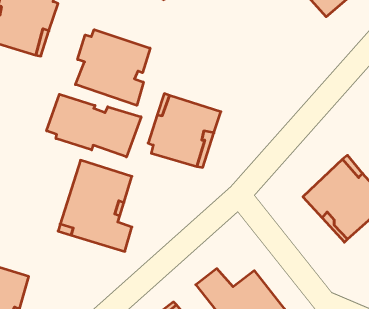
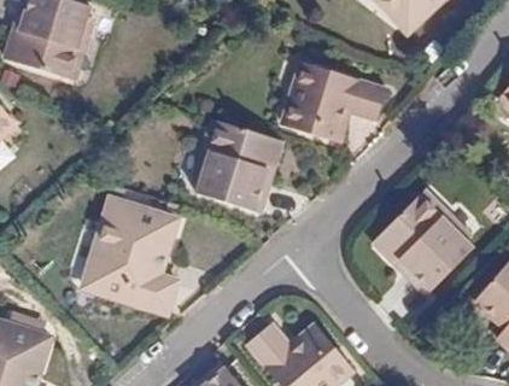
building: [75,30,150,105] -> none
building: none -> [280,58,386,136]
building: [47,94,141,157] -> none

